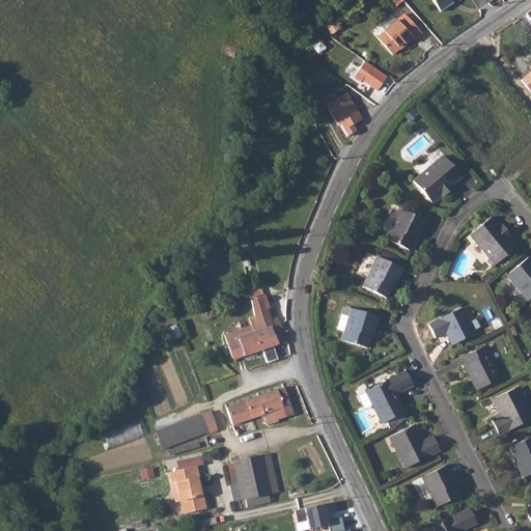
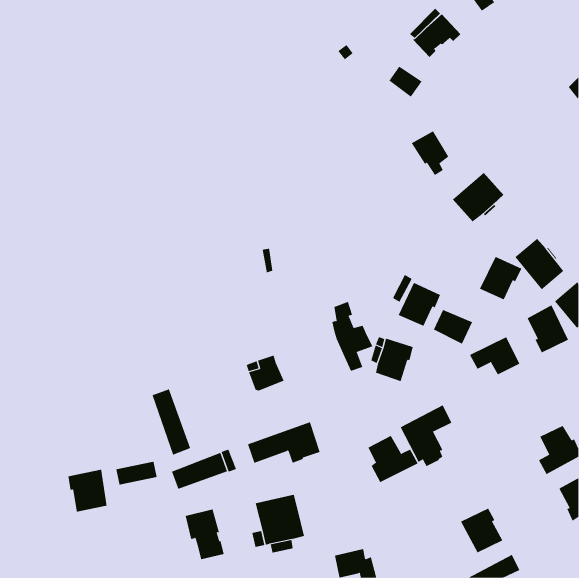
building: [326,92,361,134] -> [411,131,449,176]
building: [387,211,426,251] -> [479,256,522,300]
building: none -> [433,309,473,344]
building: [249,298,287,362] -> [331,301,373,372]
building: [464,345,502,390] -> [527,305,569,353]
building: none -> [152,389,191,455]
building: [394,424,441,468] -> [367,435,418,483]
building: none -> [68,469,107,513]

